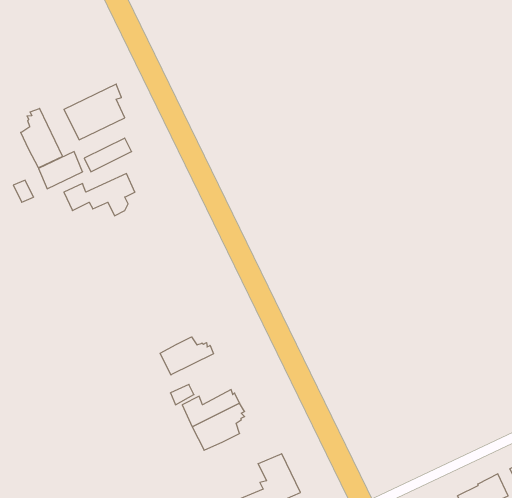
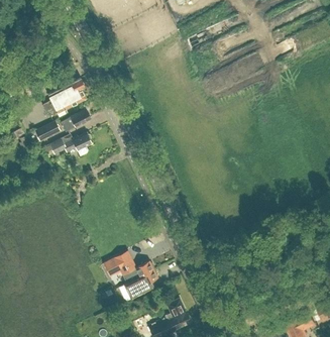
building: [21,108,62,168] -> none
building: [160,337,214,375] -> none

